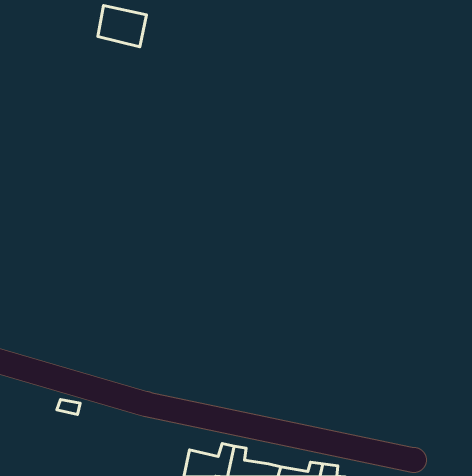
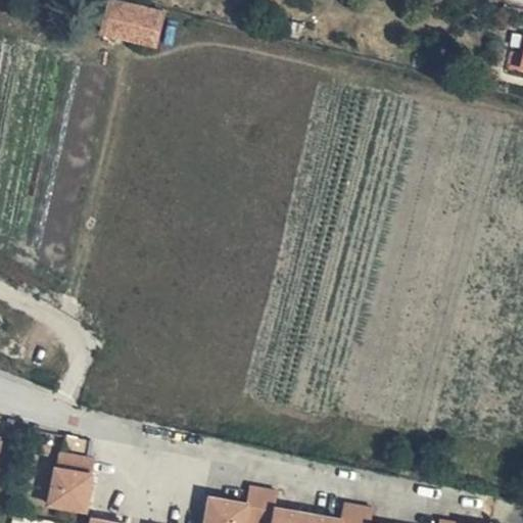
building: none -> [51,453,96,509]

